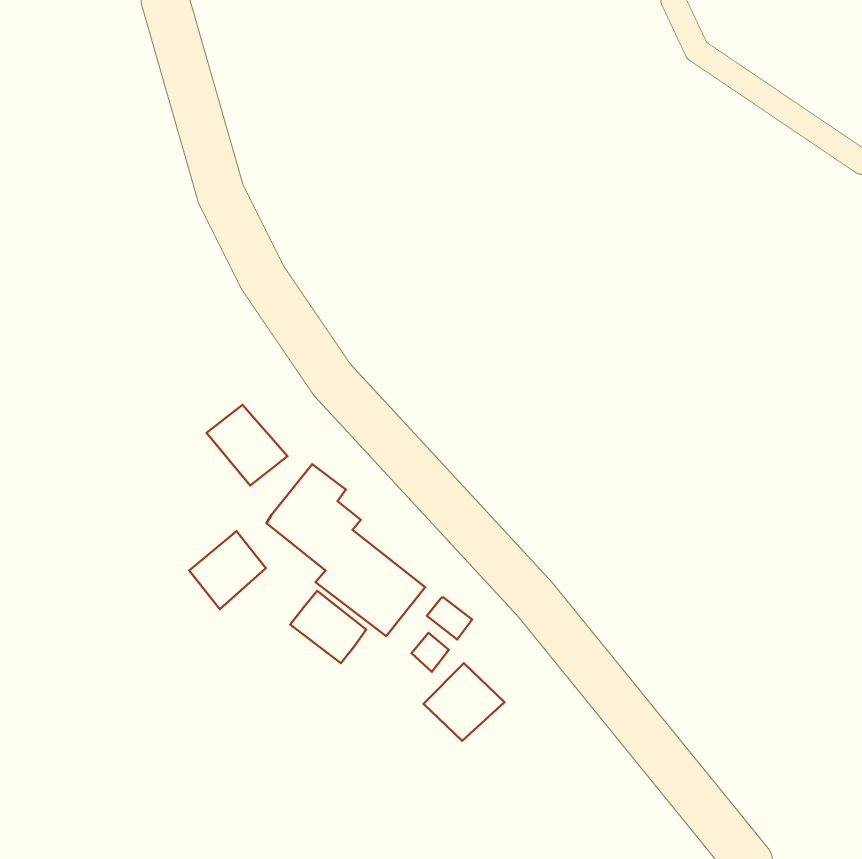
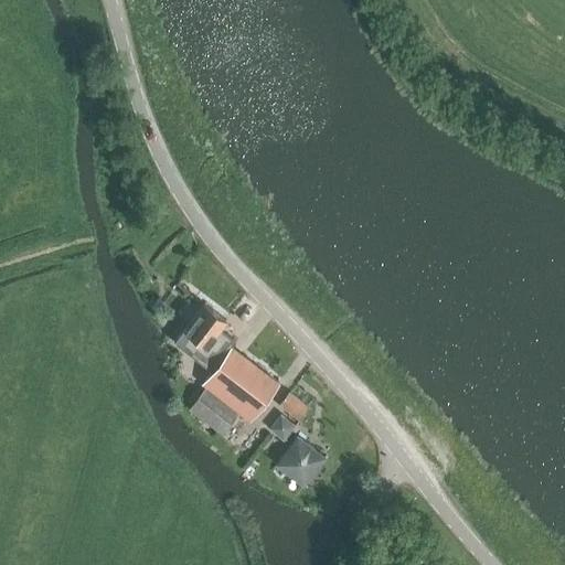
building: [207,405,288,485] -> none
building: [189,531,266,609] -> none

